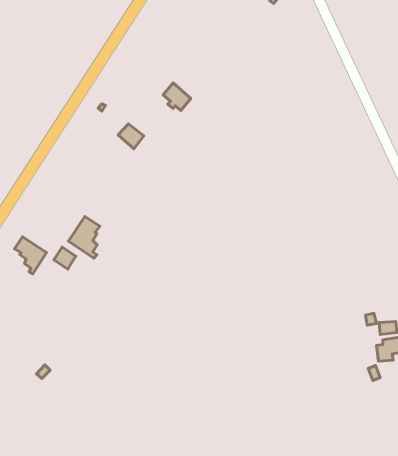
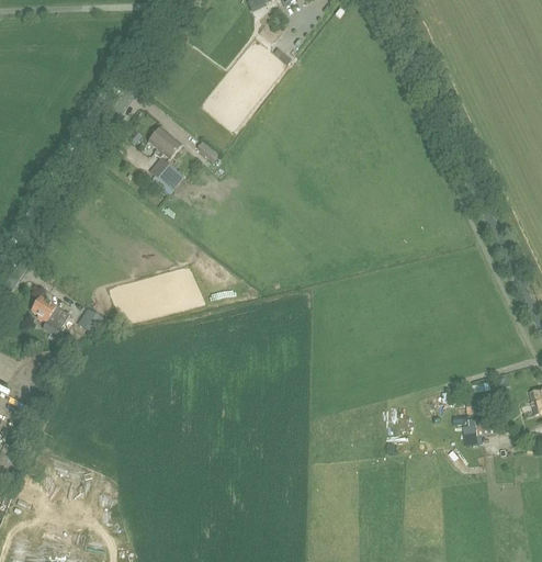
building: [163,83,191,110] -> [148,125,181,158]
building: [69,217,100,258] -> none

